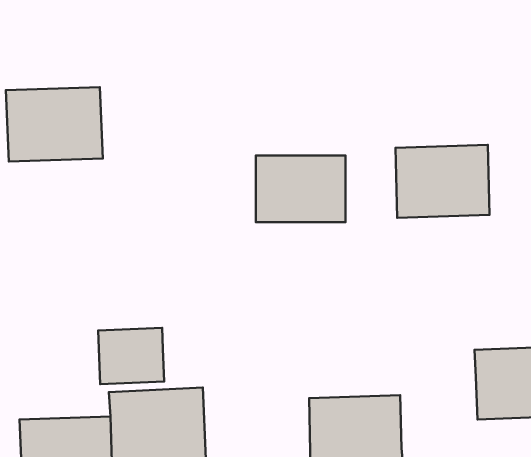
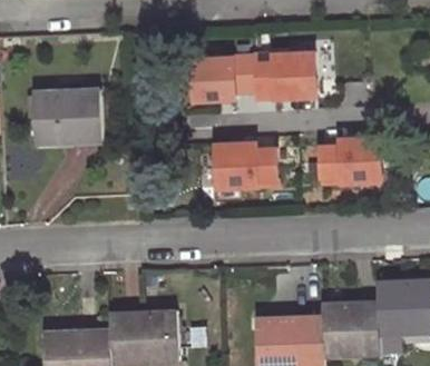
building: none -> [190,47,322,101]
building: [98,328,164,384] -> none
building: none -> [322,303,380,355]

